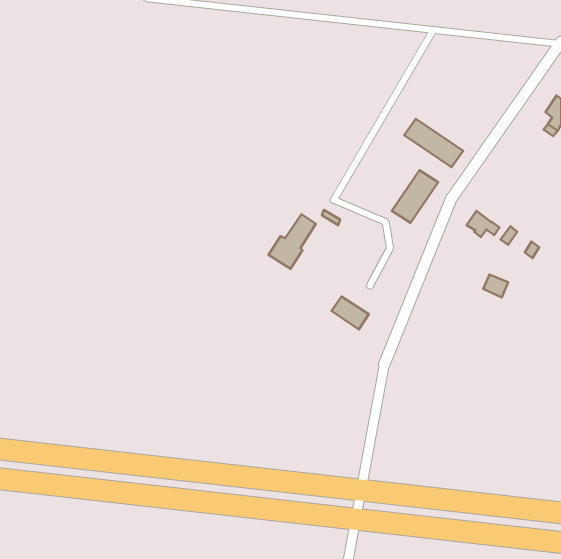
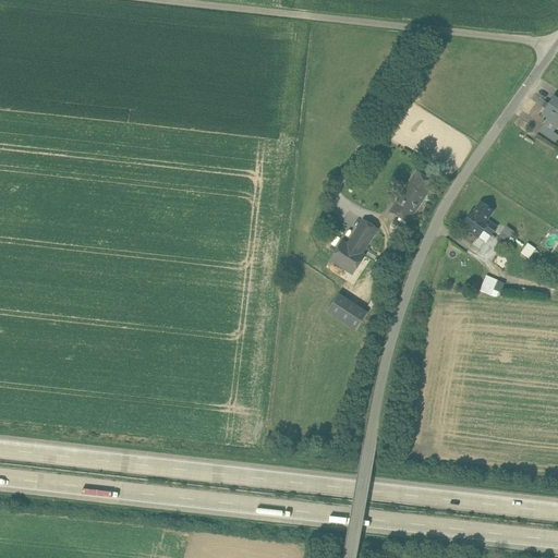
building: [404,119,463,167] -> none
building: [269,214,316,269] -> [330,218,377,272]

